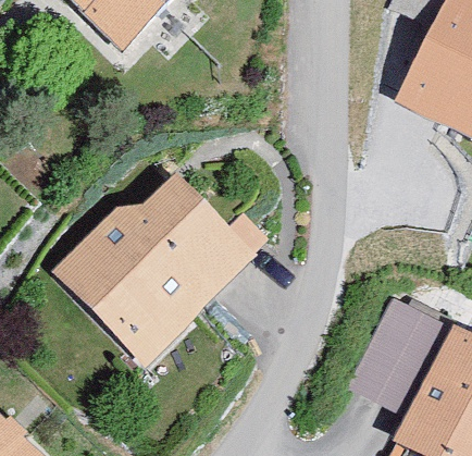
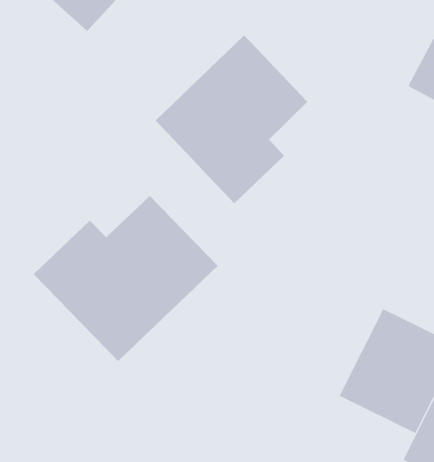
building: none -> [155,34,308,204]

